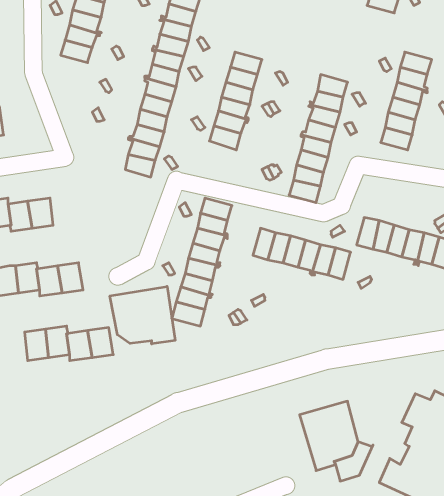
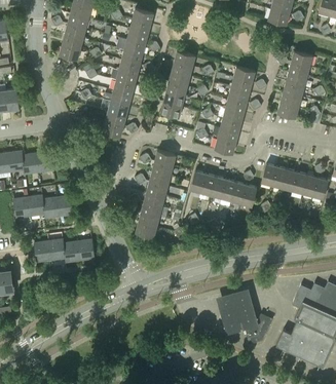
building: [110,286,175,344] -> none

